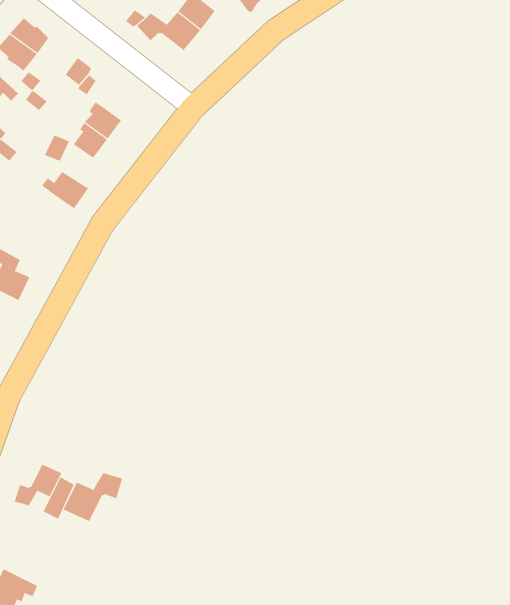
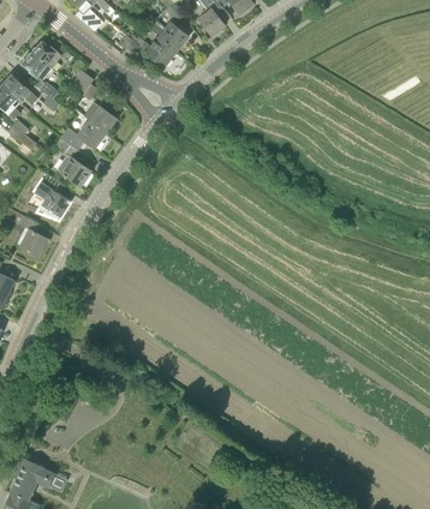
building: none -> [34,174,68,216]
building: [14,464,62,506] -> none
building: [63,472,123,522] -> none

